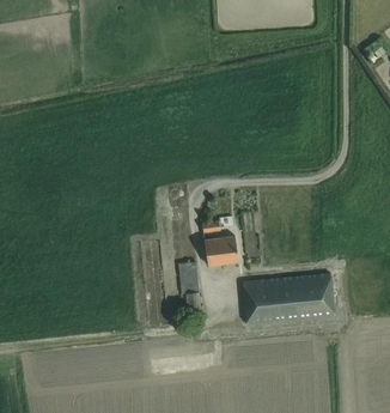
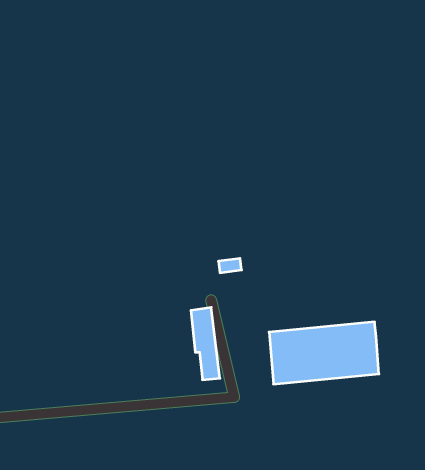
building: [205,235,239,265] -> none

